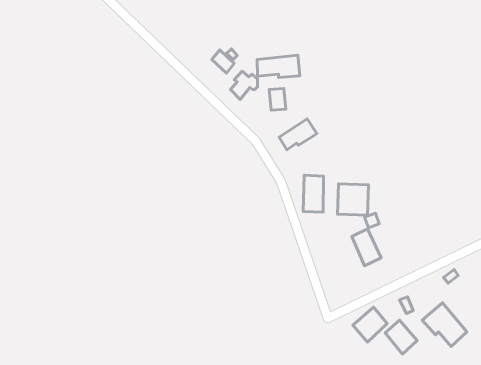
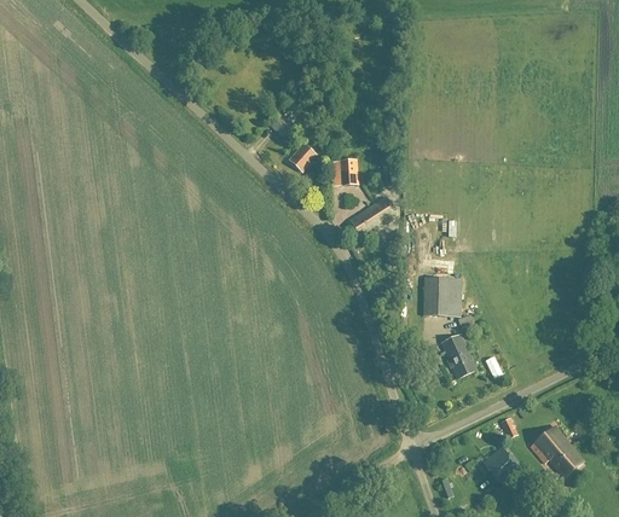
building: [257,55,300,77] -> none
building: [303,175,323,212] -> none
building: [353,307,387,342] -> none

